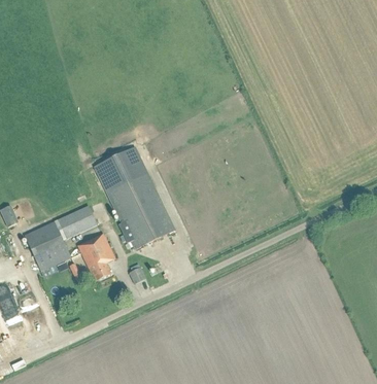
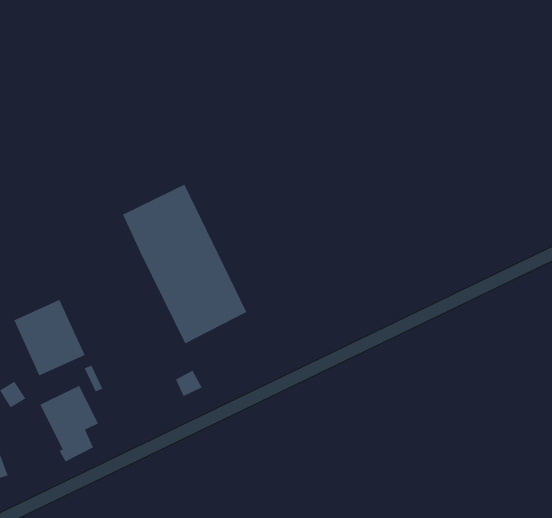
building: [59,205,97,238] -> none
building: [77,233,115,282] -> [39,385,99,462]

